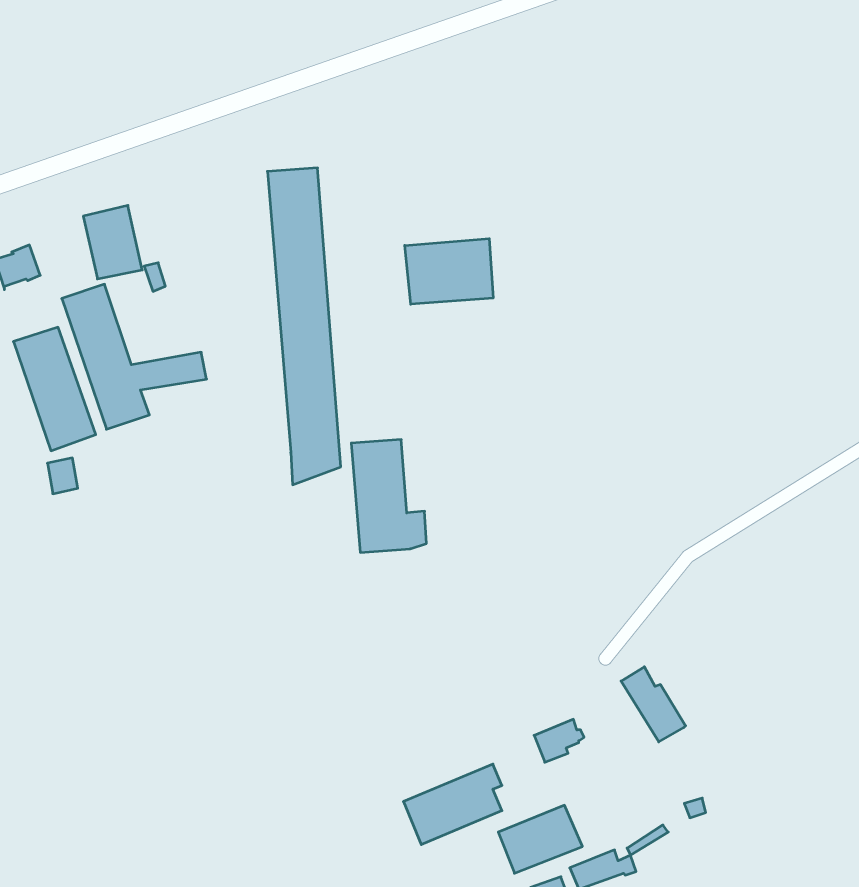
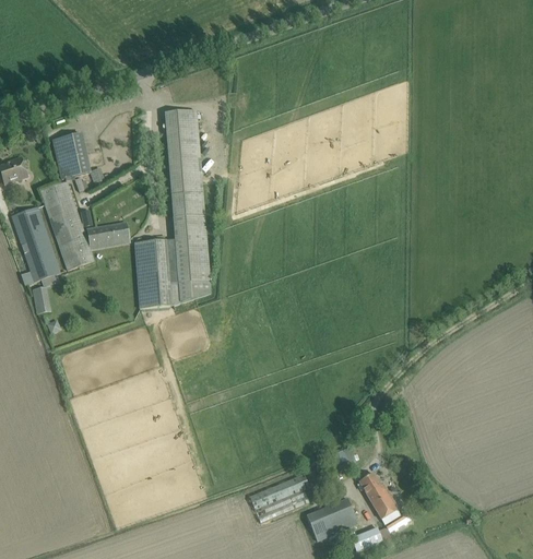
building: [405,239,493,304] -> none
building: [351,440,426,552] -> [134,239,180,308]
building: [621,667,686,742] -> [358,472,398,518]

